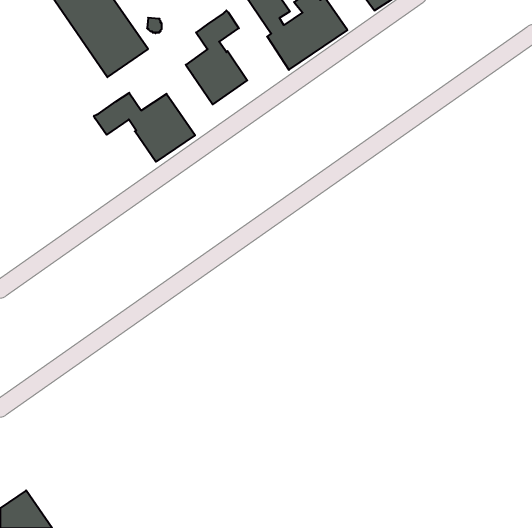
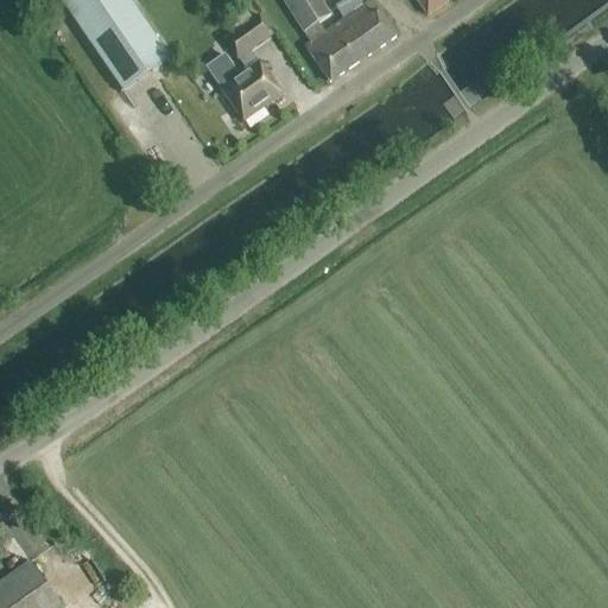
building: [94,93,195,162] -> none

